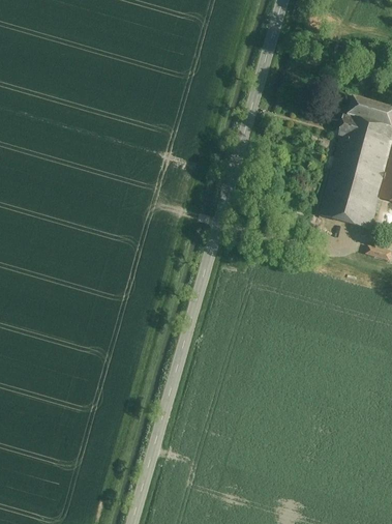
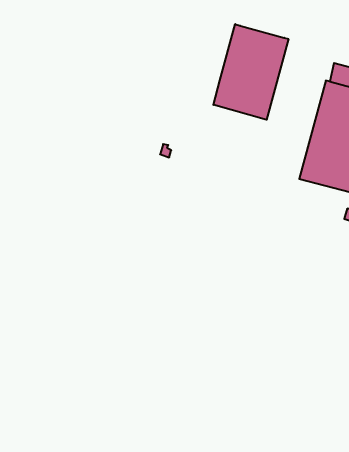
building: none -> [213,24,288,120]

